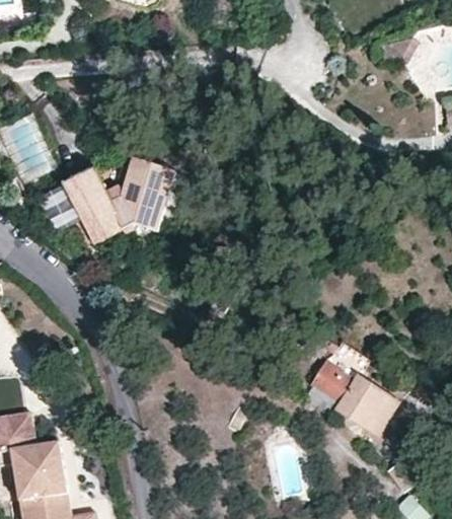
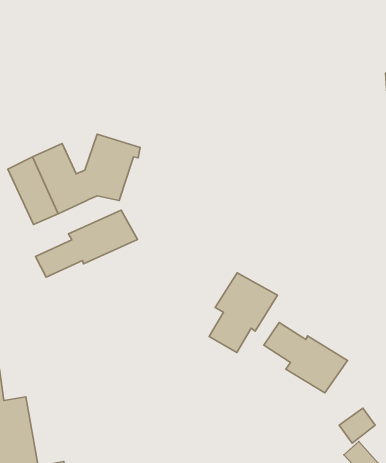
building: none -> [35,210,138,277]
building: none -> [209,273,277,353]

